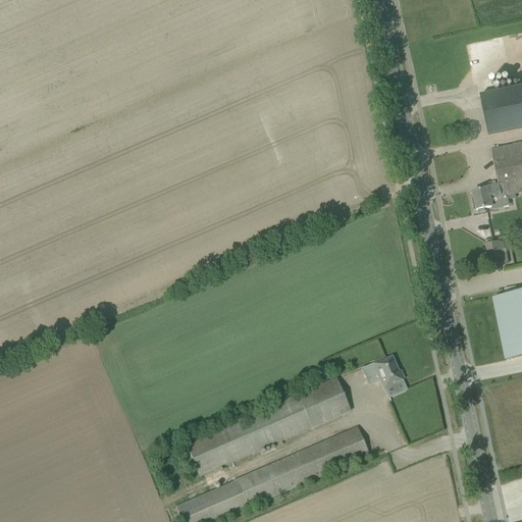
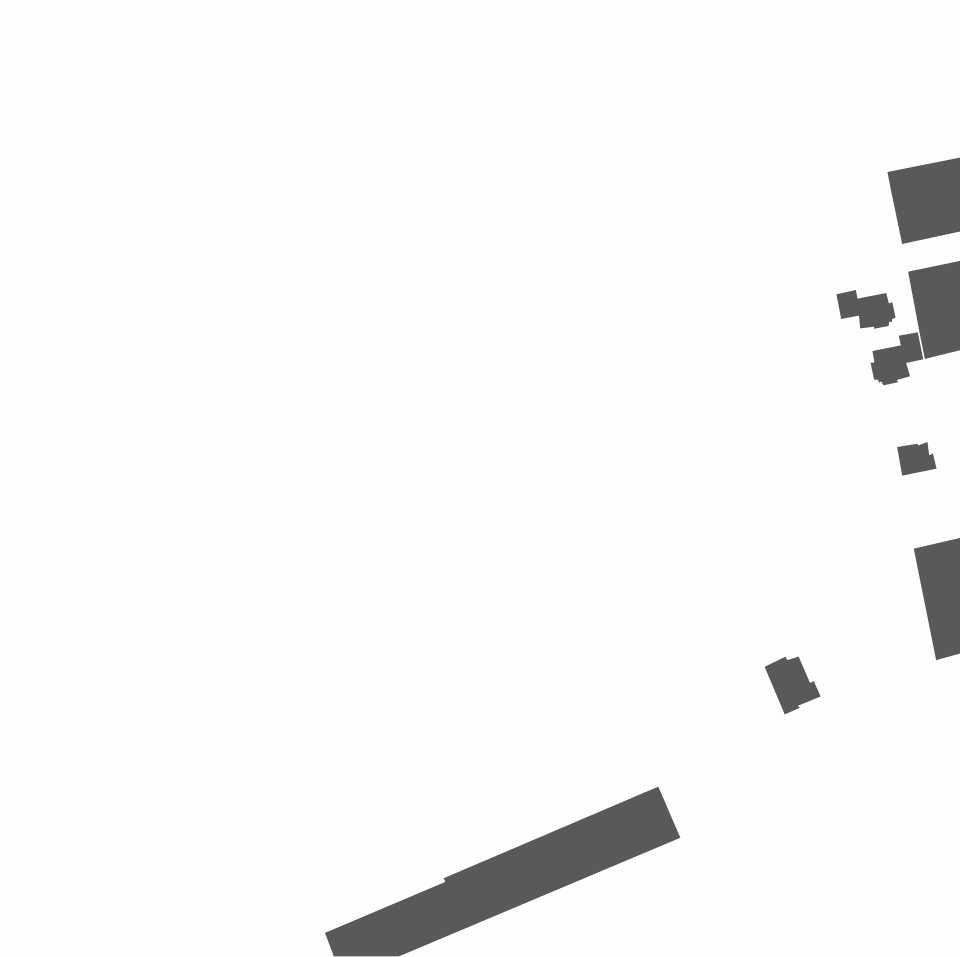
building: none -> [835,289,896,330]
building: [373,355,405,387] -> [763,655,822,716]
building: [187,376,351,474] -> none

